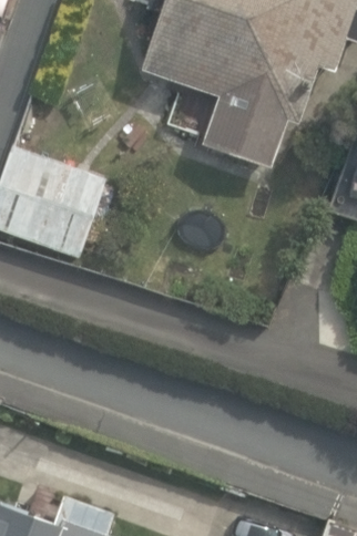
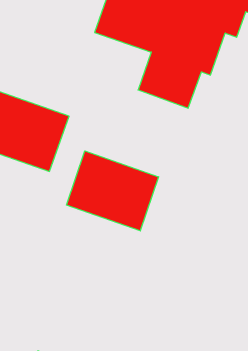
building: none -> [67,151,159,231]

